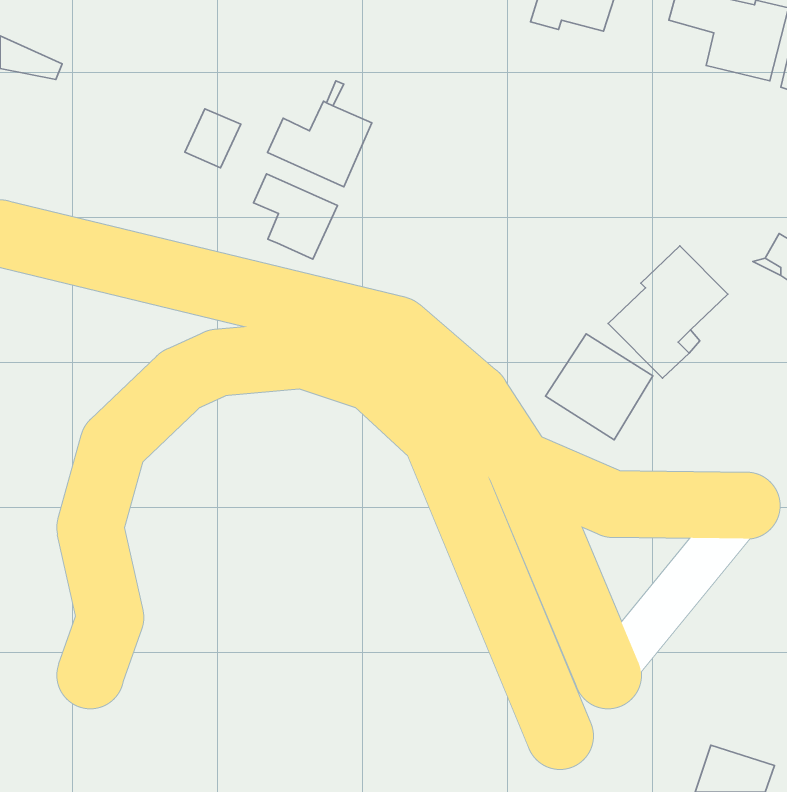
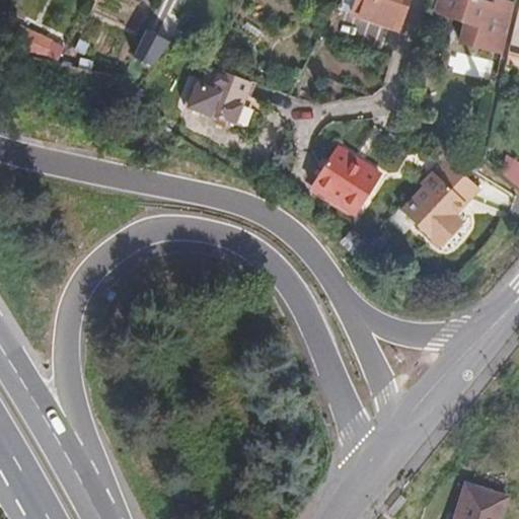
building: [185,109,241,168] -> [139,25,175,64]
building: [254,174,338,259] -> none
building: [546,334,653,440] -> [308,147,378,216]

